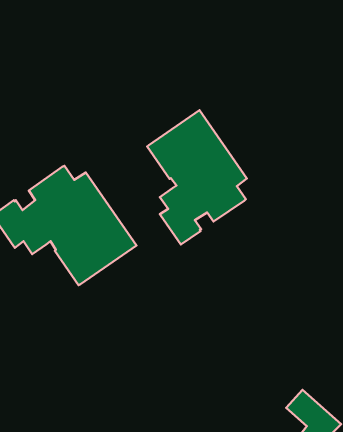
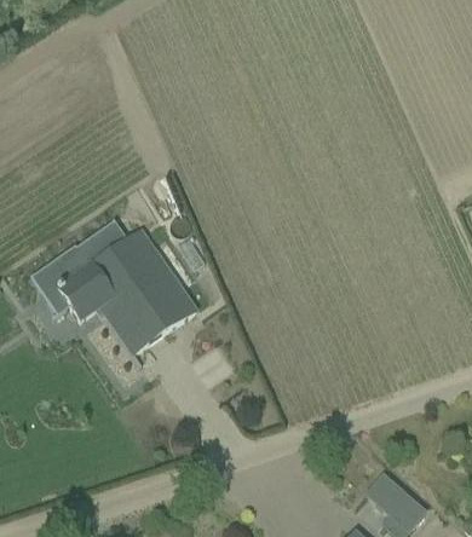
building: [147,110,247,244] -> none

